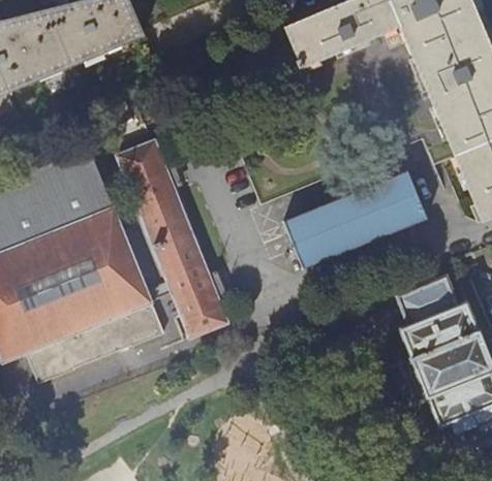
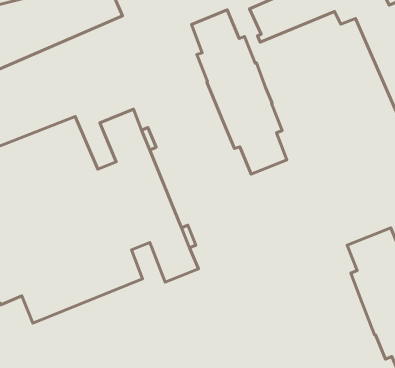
building: none -> [191,10,287,174]
building: [283,171,427,269] -> none

